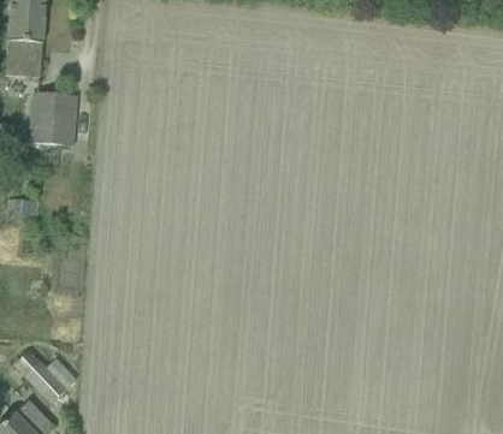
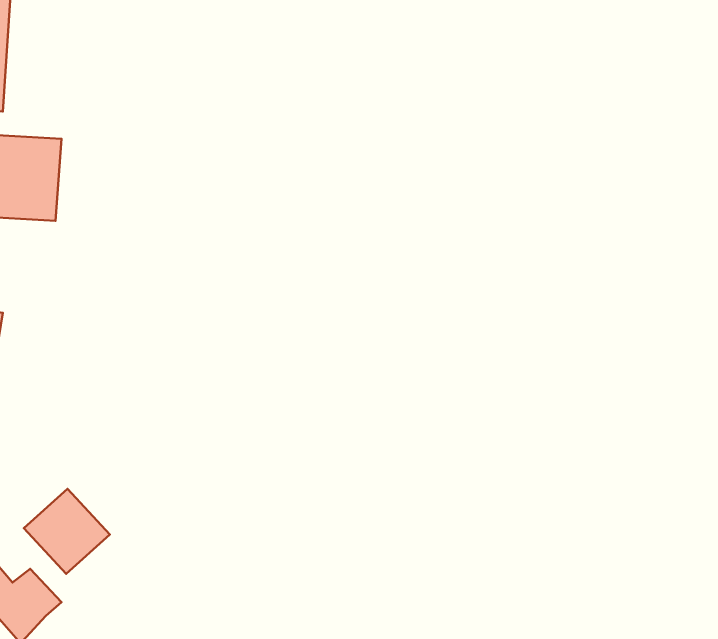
building: none -> [24,489,110,574]

